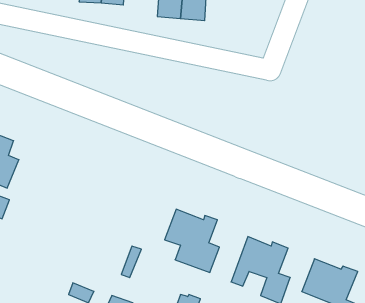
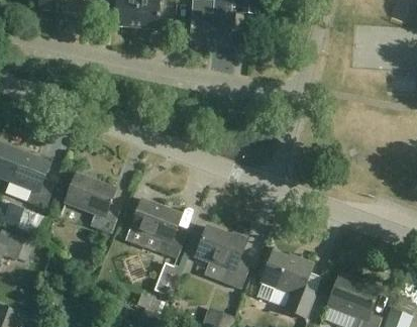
building: none -> [65,172,121,231]
building: none -> [126,196,186,255]

